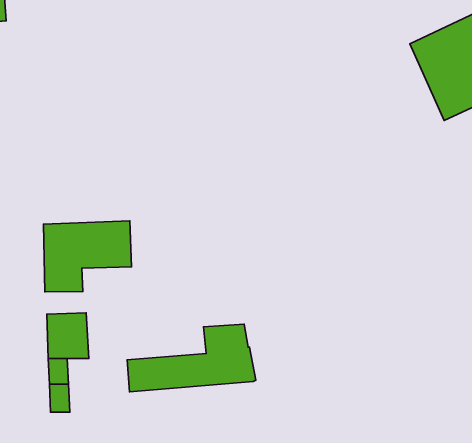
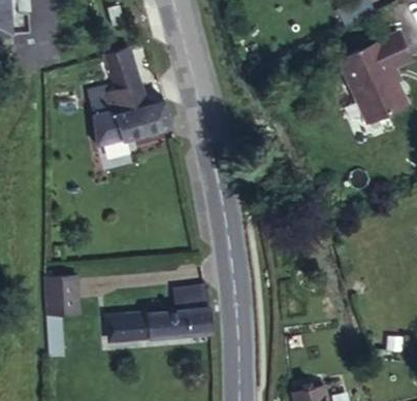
building: none -> [89,46,172,147]
building: [43,221,131,292] -> none

